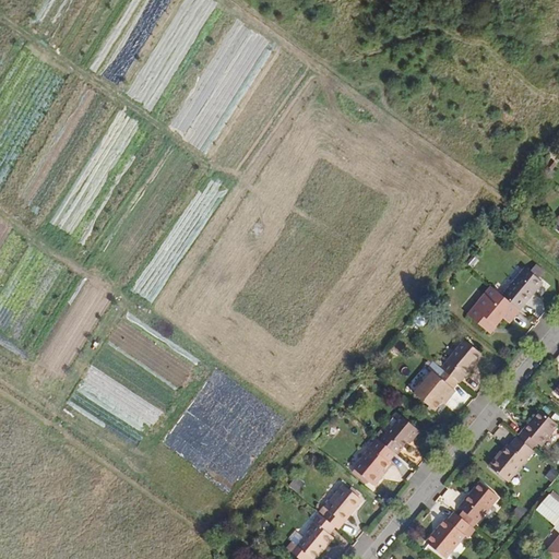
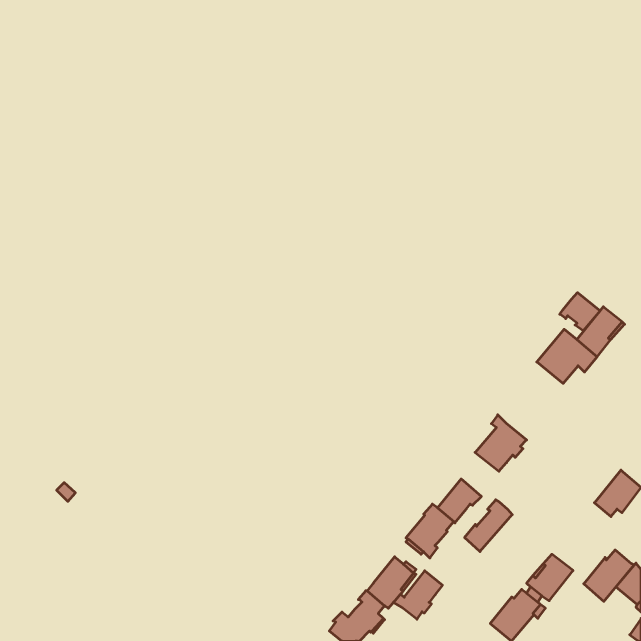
building: none -> [560,293,600,331]
building: [440,340,480,382] -> none
building: none -> [465,500,512,552]
building: [489,437,533,481] -> [584,550,634,601]
building: none -> [393,571,442,619]

